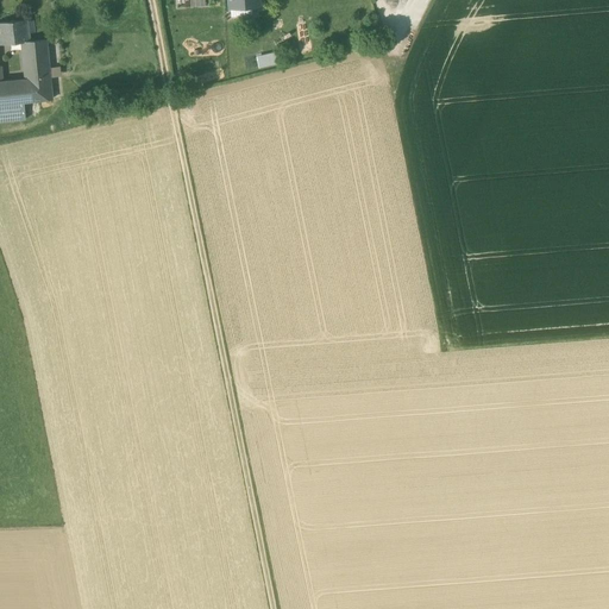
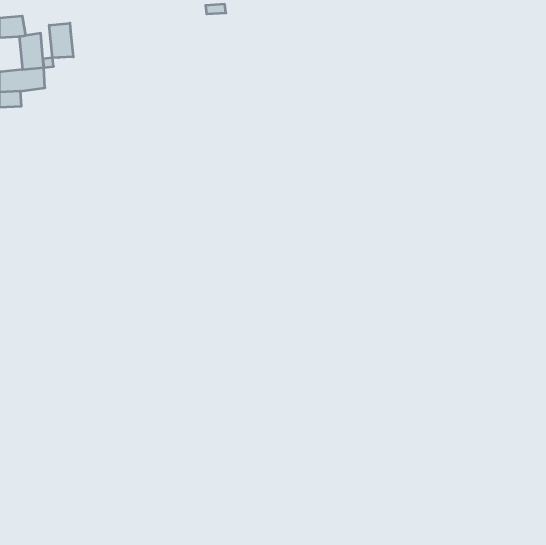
building: none -> [49,23,73,58]

